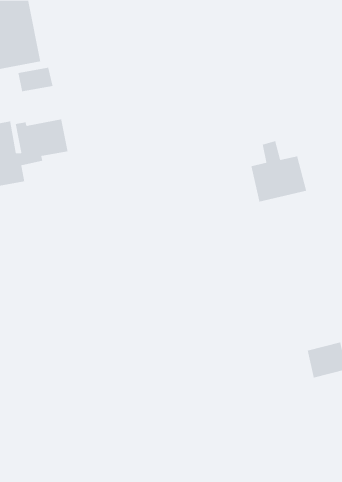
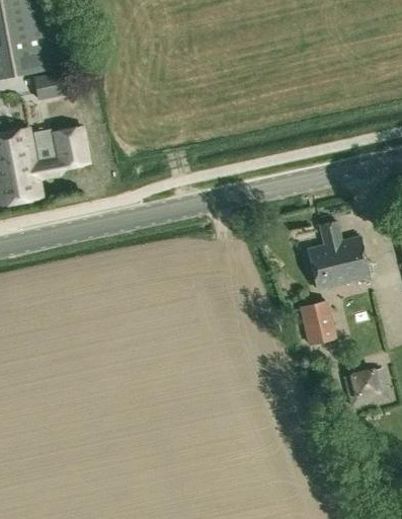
building: [250,140,307,203] -> [310,221,371,288]
building: none -> [299,300,336,344]

